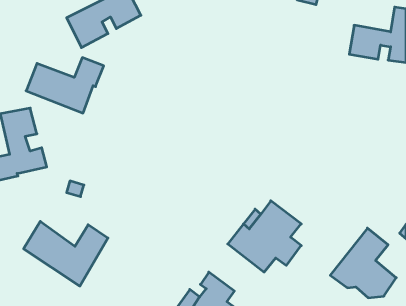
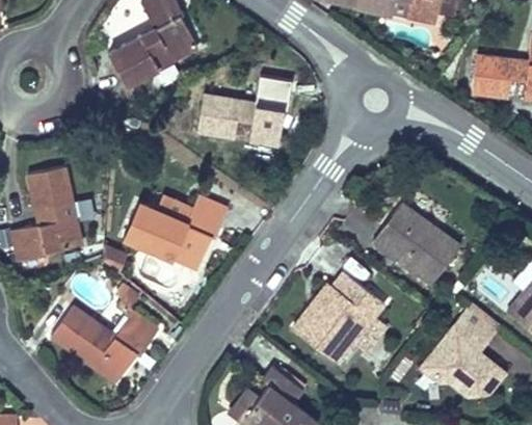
building: none -> [192,75,286,145]
building: [26,58,104,113] -> [118,194,216,264]
building: none -> [383,207,468,288]

